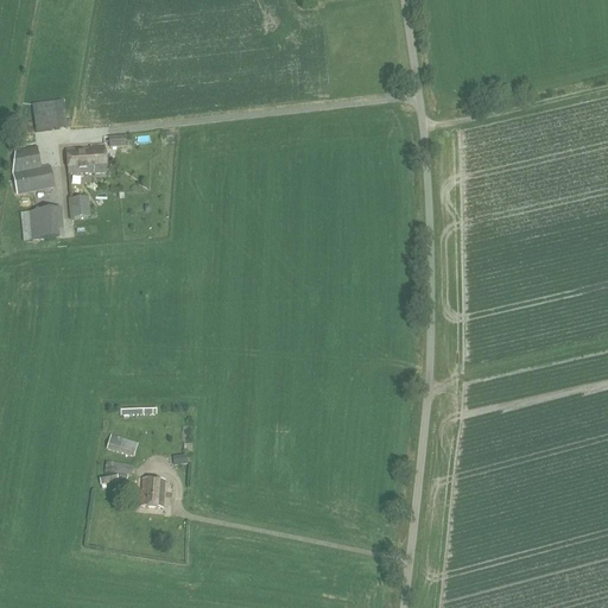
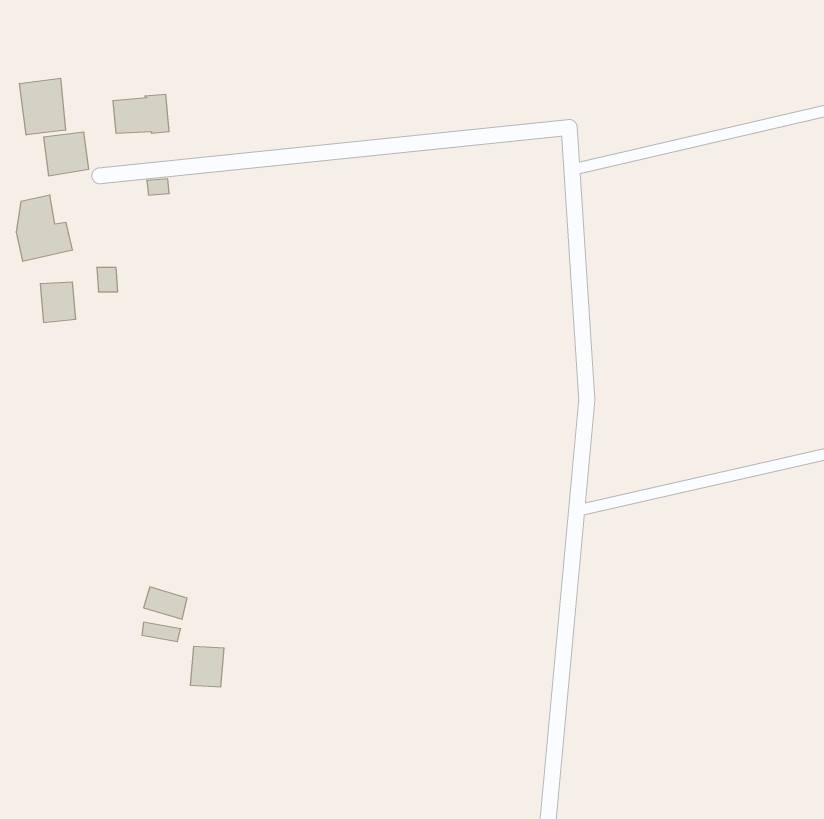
building: none -> [20,78,65,135]
building: [65,142,107,171] -> [113,94,169,133]

